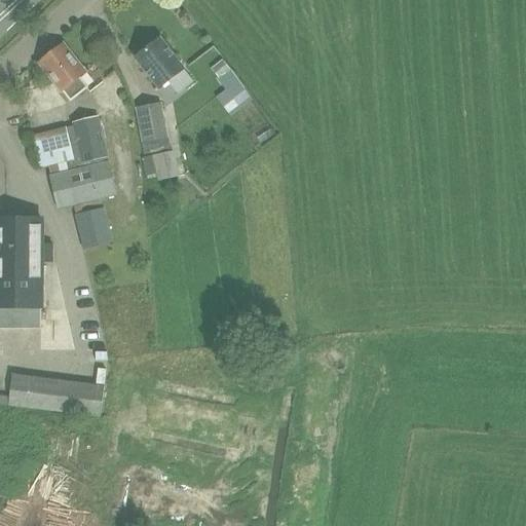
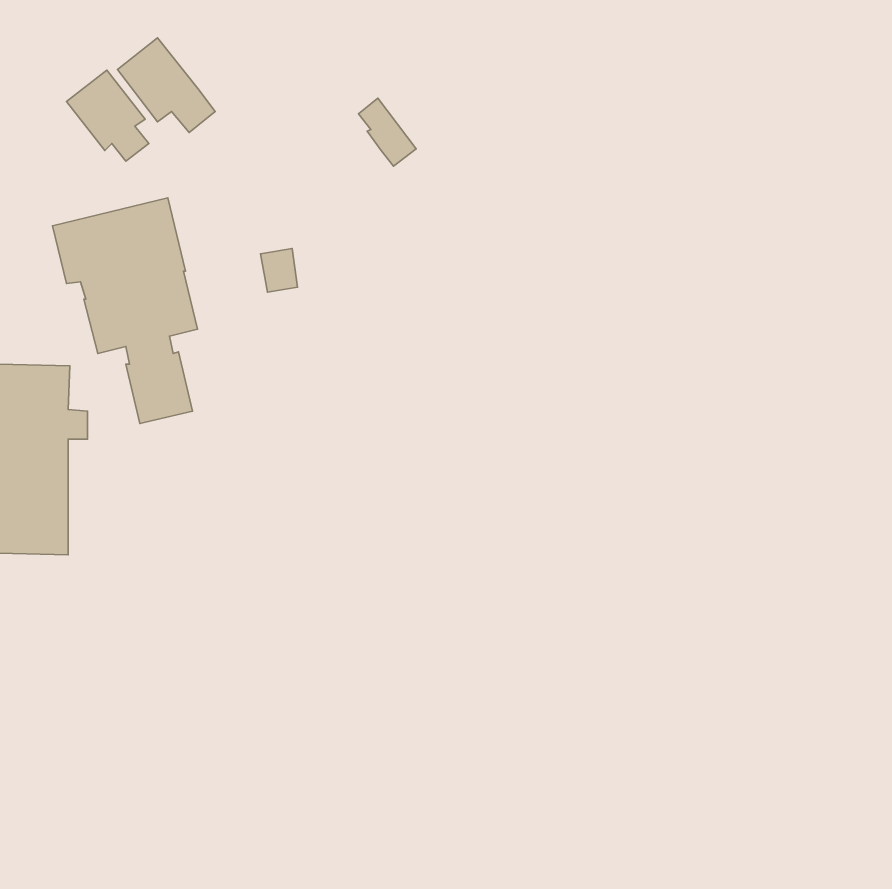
building: [136,36,193,91] -> [117,38,215,132]
building: [137,103,167,139] -> none
building: [8,376,103,413] -> none

